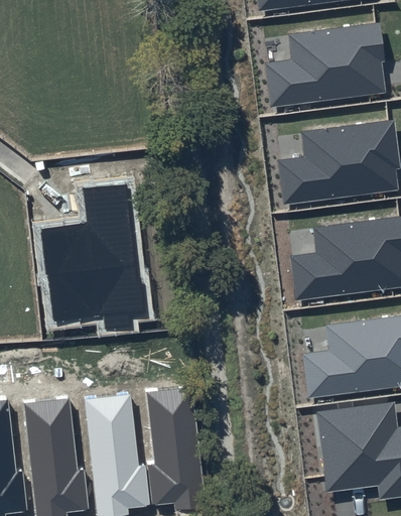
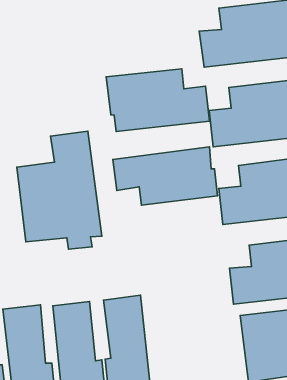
building: none -> [106,69,210,132]
building: none -> [113,147,217,205]

